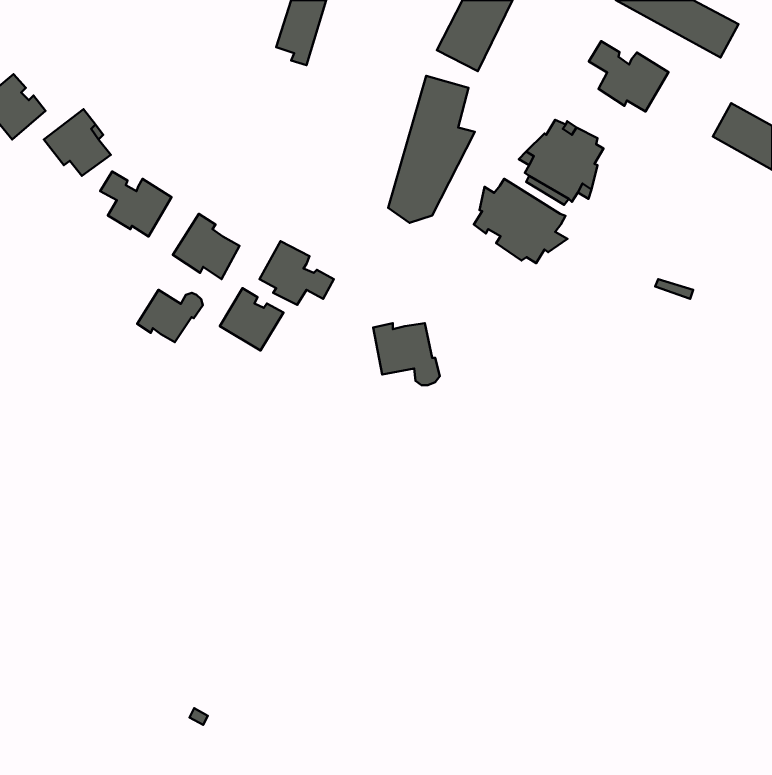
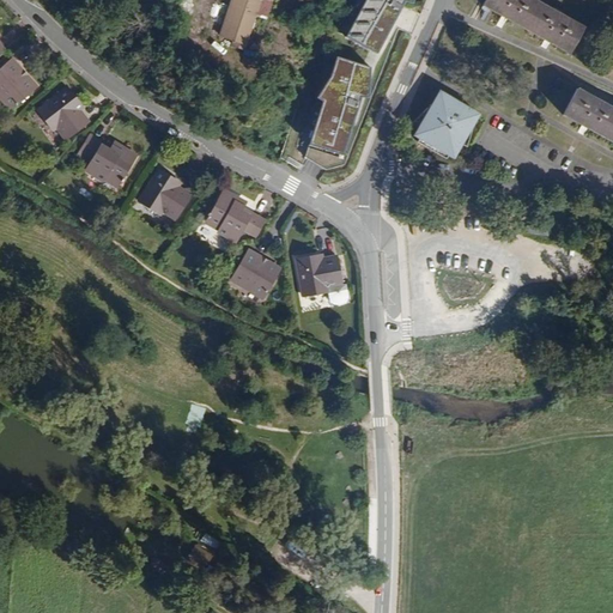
building: [589,41,668,112] -> none
building: [474,179,568,263] -> none
building: [220,288,283,350] -> [229,249,279,298]
building: [137,290,203,342] -> none

